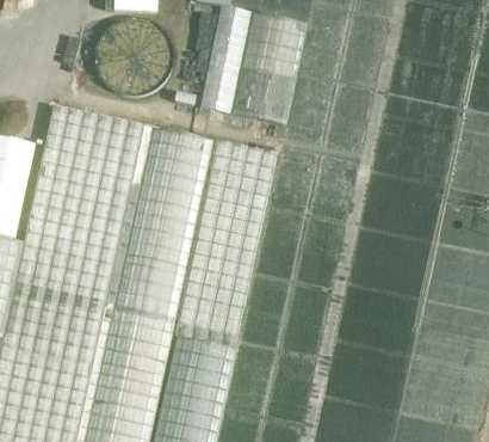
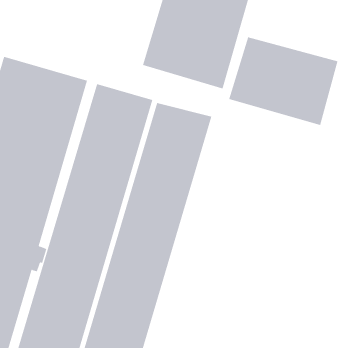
building: none -> [229,36,338,126]

